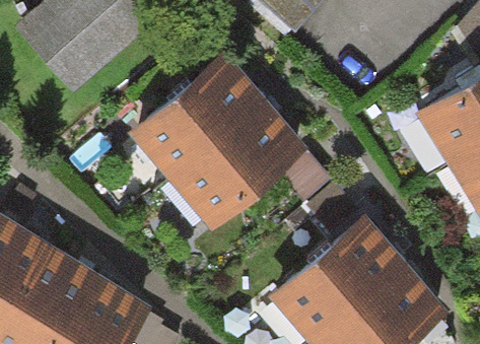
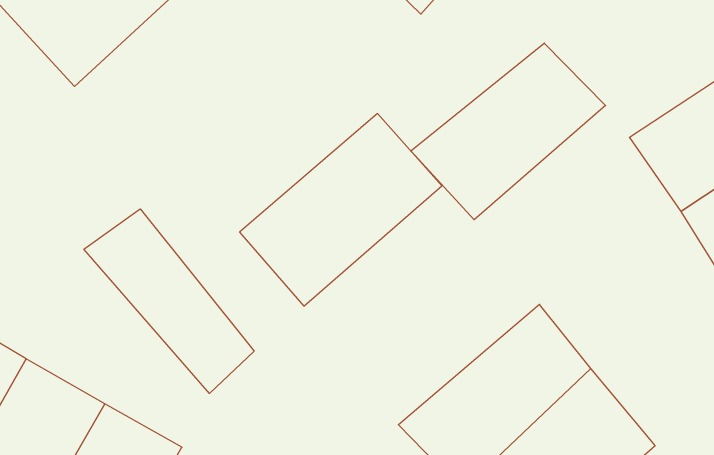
building: [139,54,265,174] -> none
building: none -> [411,43,606,220]
building: none -> [84,209,254,393]

